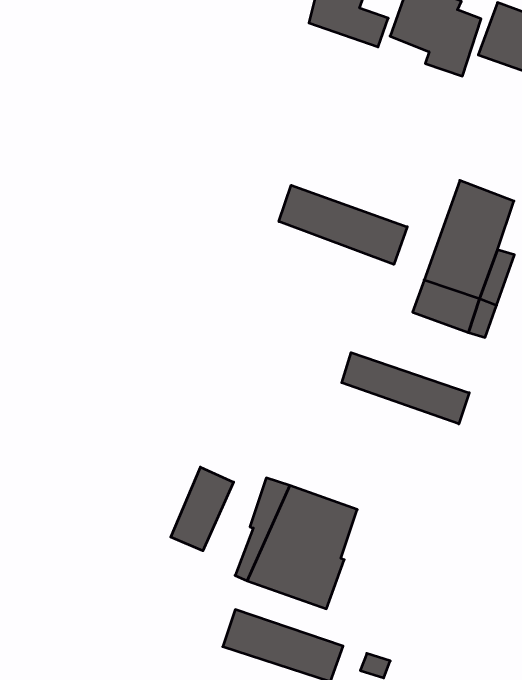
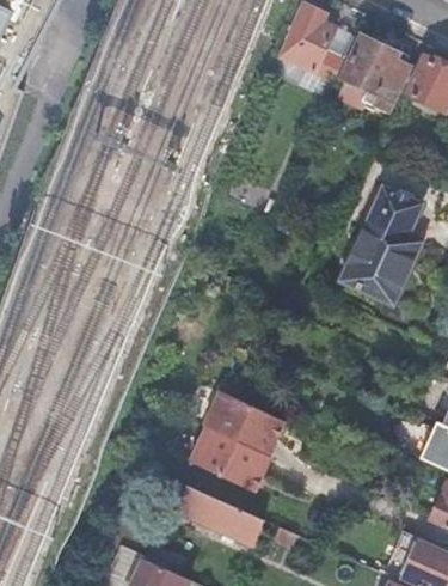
building: [279,185,407,264] -> none
building: [342,353,469,424] -> none
building: [171,467,234,551] -> none

